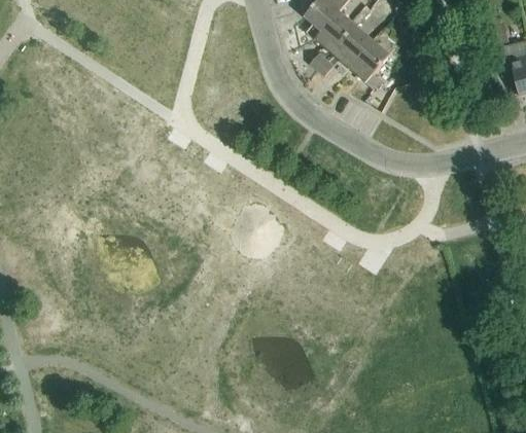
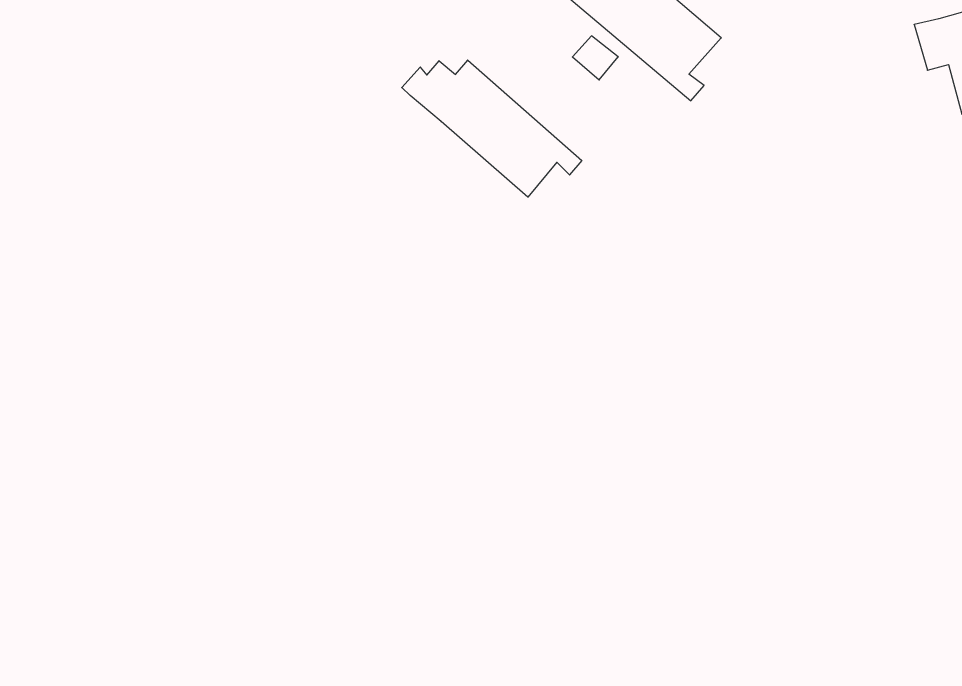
building: none -> [402,60,582,197]

